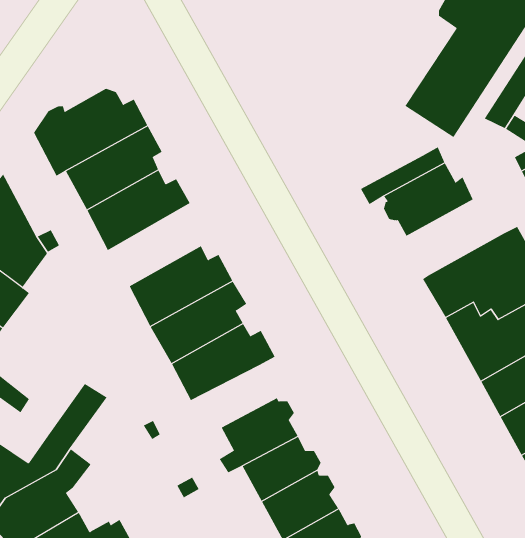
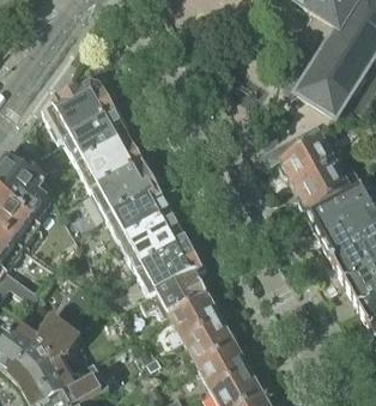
building: none -> [295,157,360,208]
building: none -> [92,159,158,216]
building: none -> [139,269,210,316]

